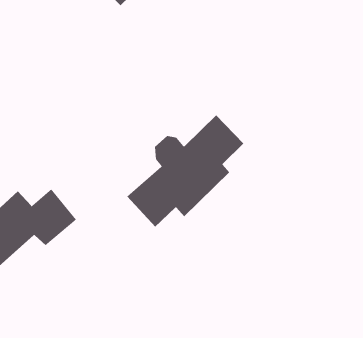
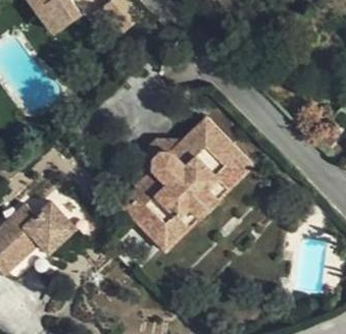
building: none -> [117,120,250,254]

